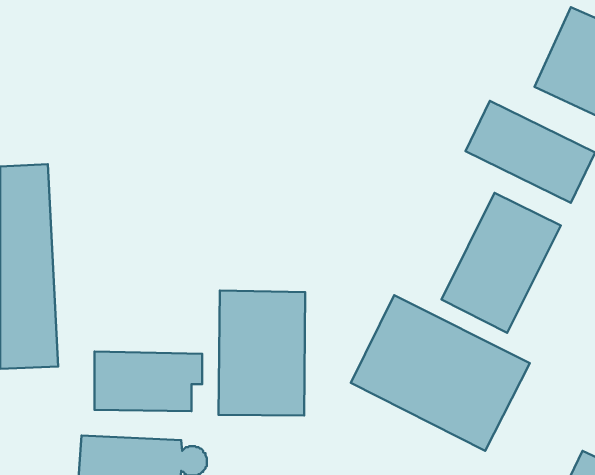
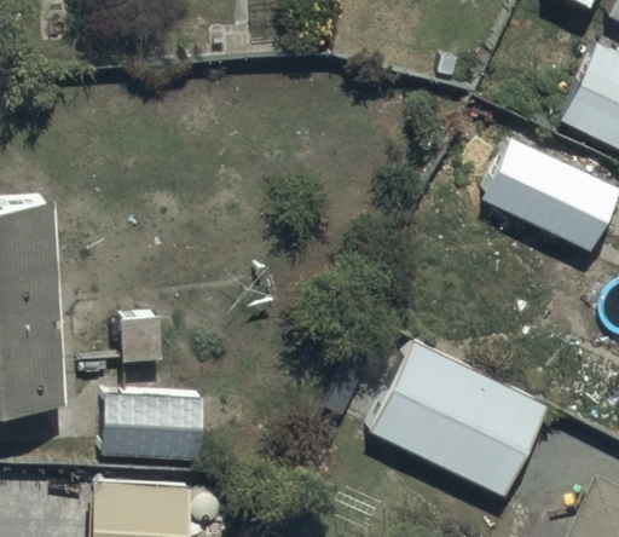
building: [442,193,561,333] -> none
building: [218,291,305,416] -> none

